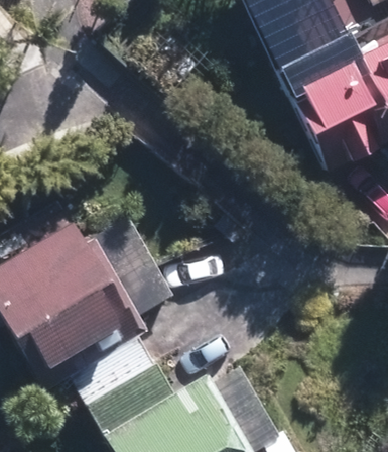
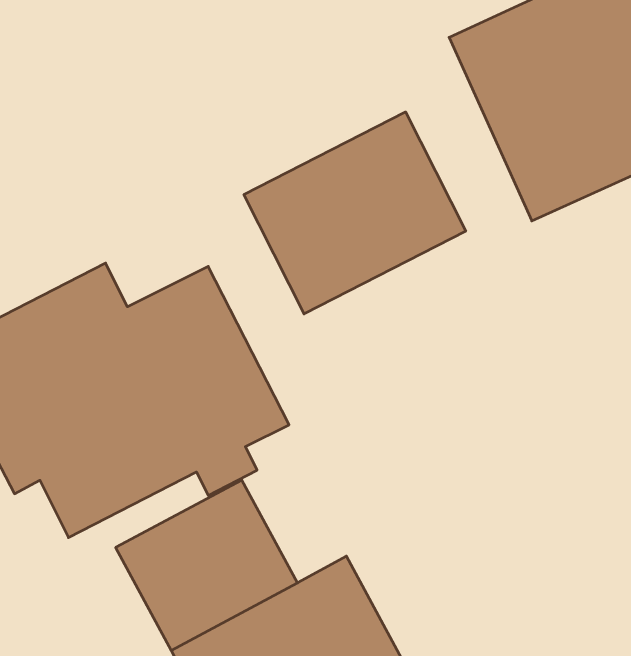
building: none -> [244,112,466,314]

